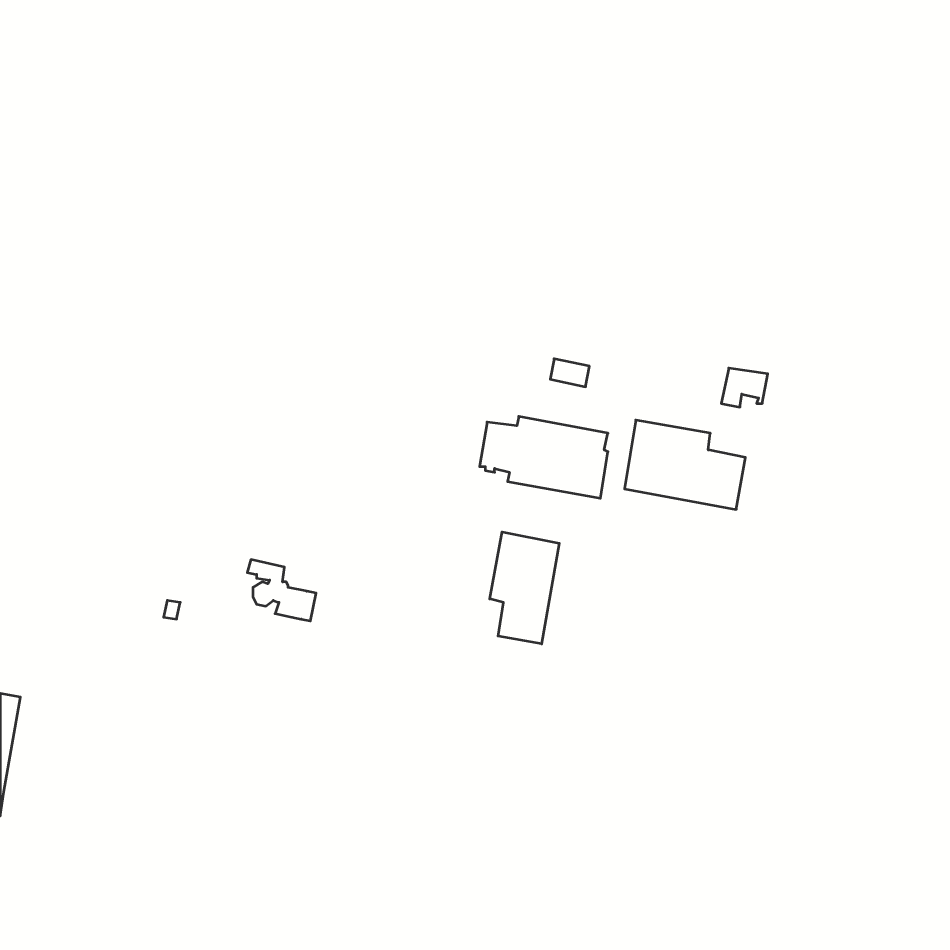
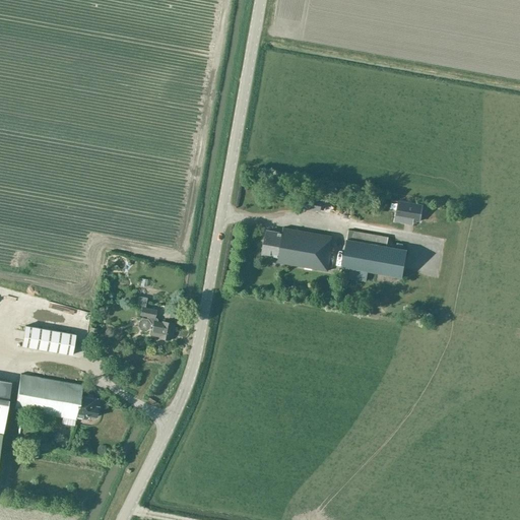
building: [490,532,559,644] -> none
building: none -> [21,326,75,354]
building: none -> [14,375,99,420]

